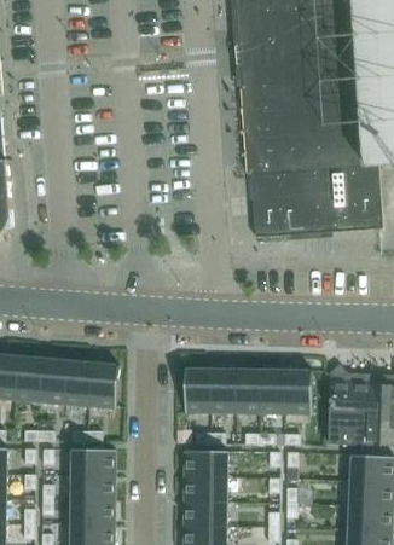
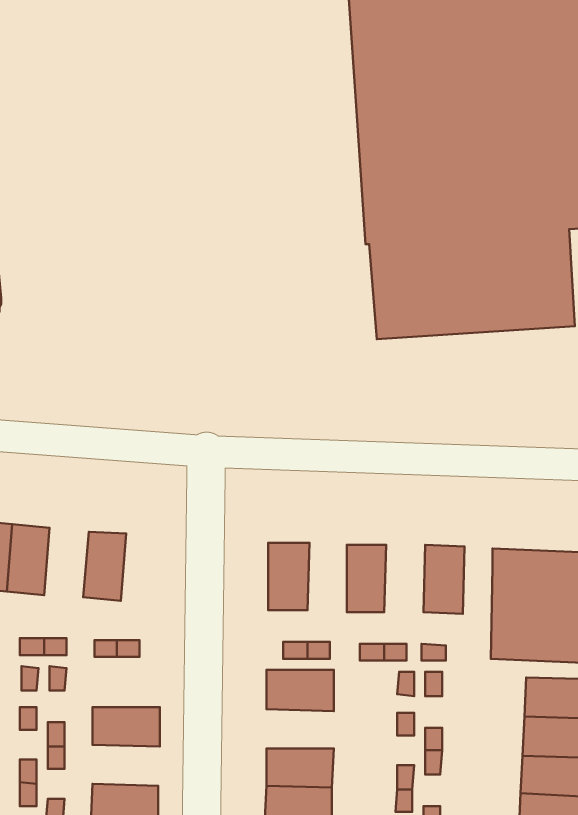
building: [39,358,68,402] -> none
building: [88,361,118,407] -> none
building: [209,367,234,412] -> none
building: [259,369,285,412] -> none
building: [70,447,114,474] -> none
building: [182,475,226,500] -> none
building: [70,498,114,524] -> none

